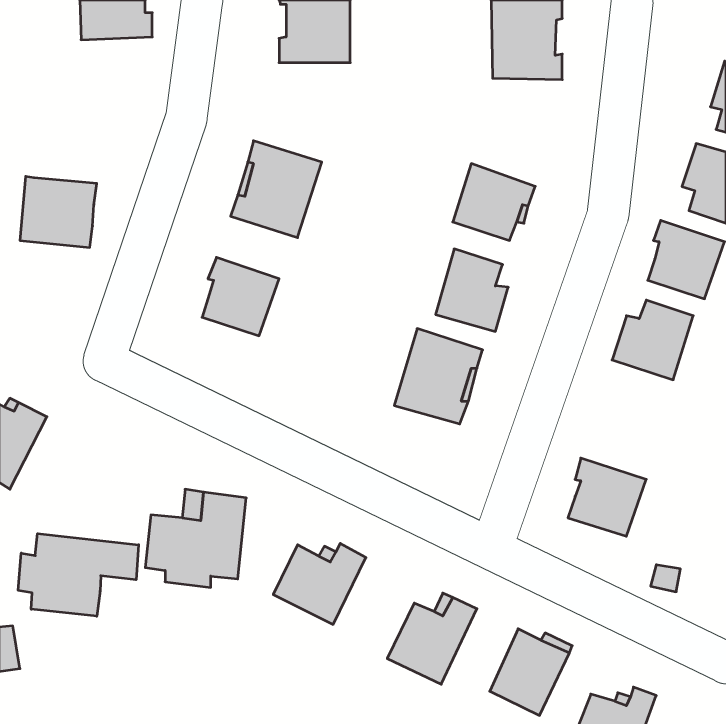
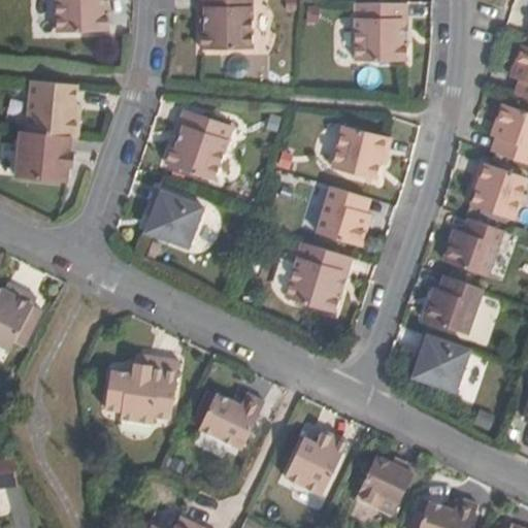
building: none -> [25,80,78,136]
building: none -> [423,278,483,335]
building: [18,534,139,616] -> none

